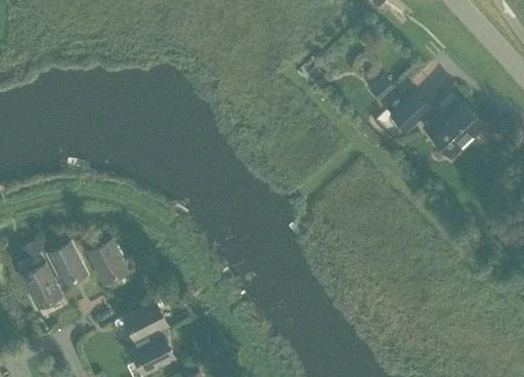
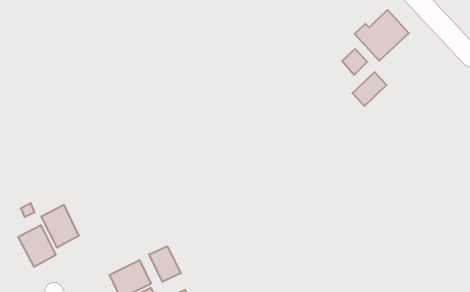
building: [424,100,484,157] -> [354,10,409,61]
building: [85,238,129,285] -> none
building: none -> [149,246,181,282]

